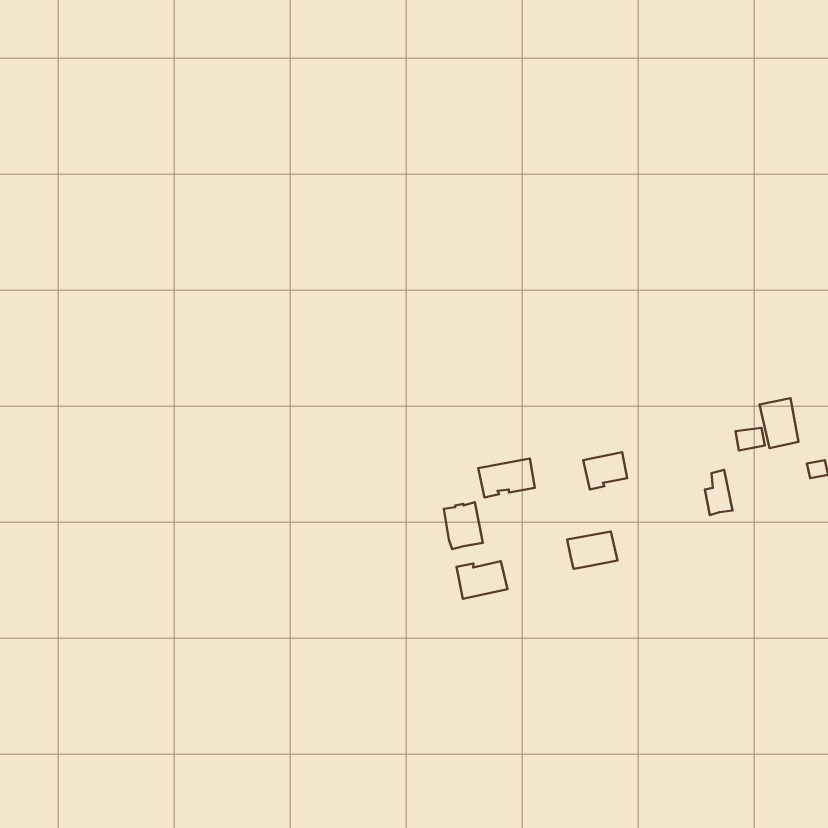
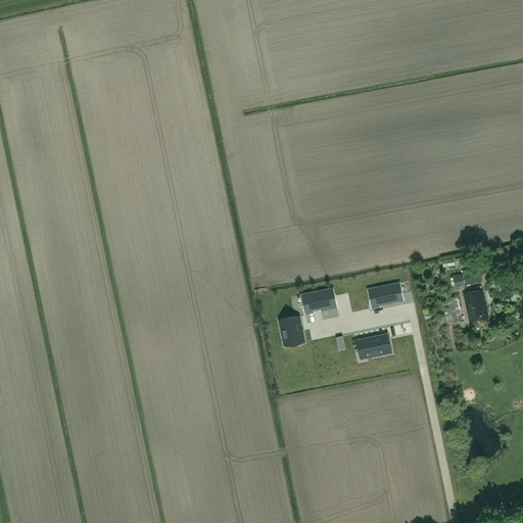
building: [760,398,799,448] -> [464,290,488,322]
building: [456,561,508,599] -> none

